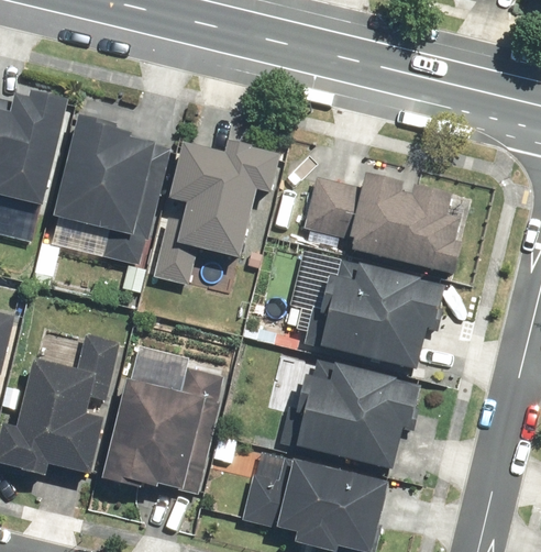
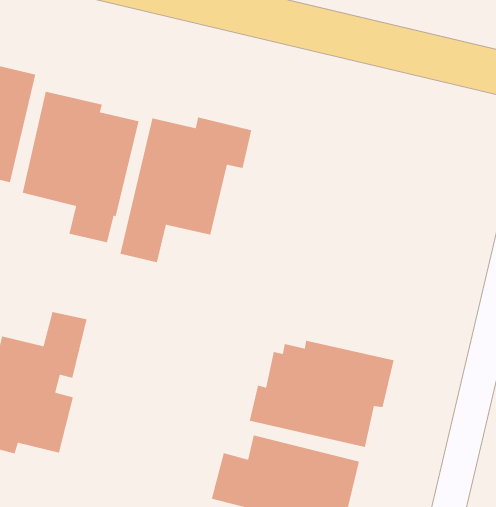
building: [301,170,462,272] -> none
building: [302,255,445,368] -> none
building: [102,365,223,493] -> none

